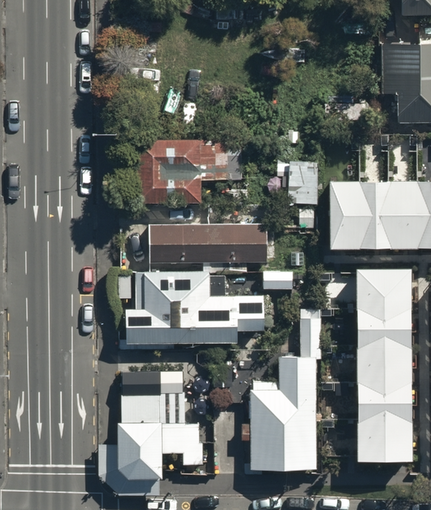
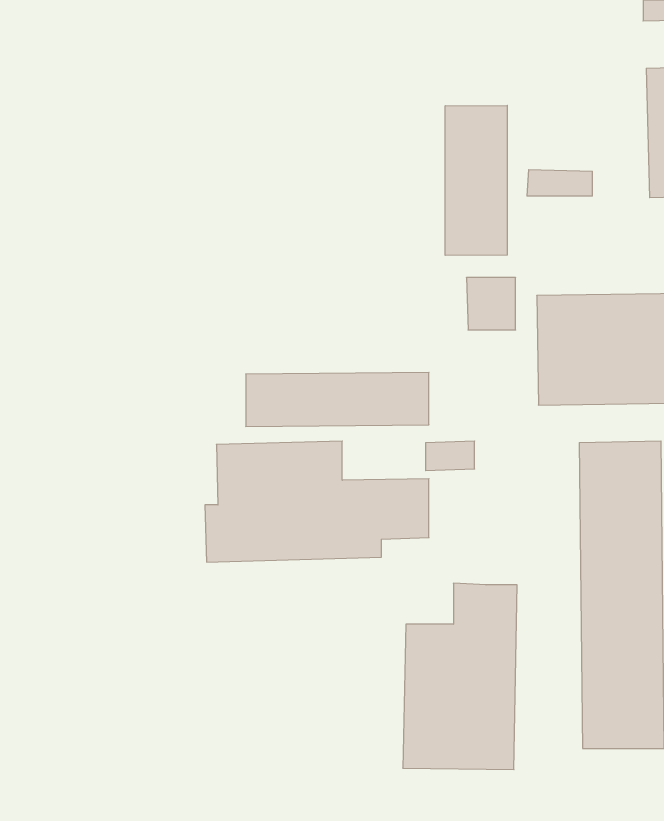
building: none -> [445,105,507,255]
building: [133,142,242,202] -> none
building: [122,370,202,482] -> none

